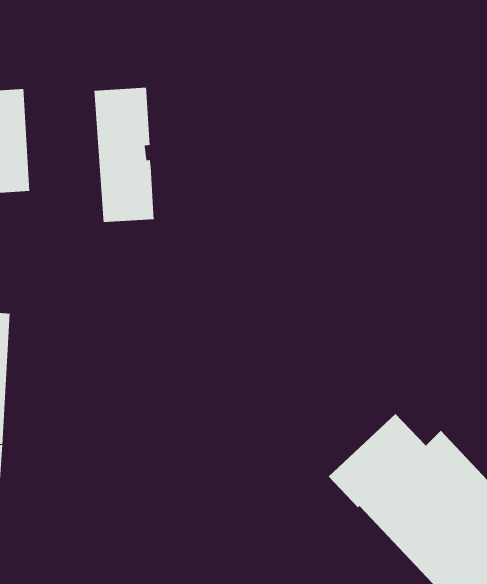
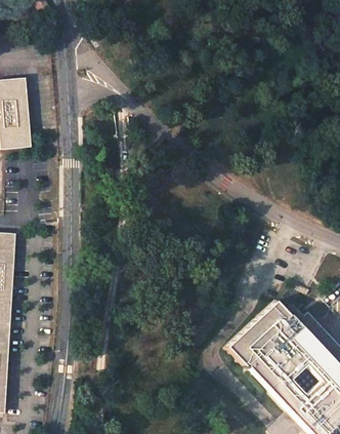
building: [94,87,154,223] -> none

